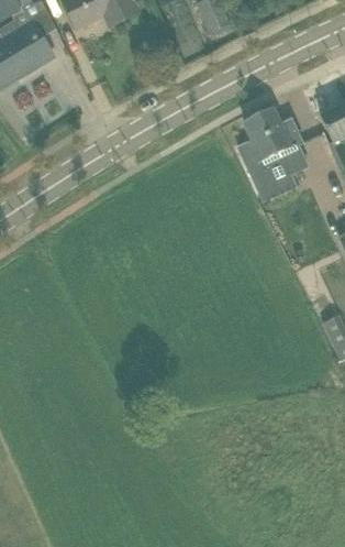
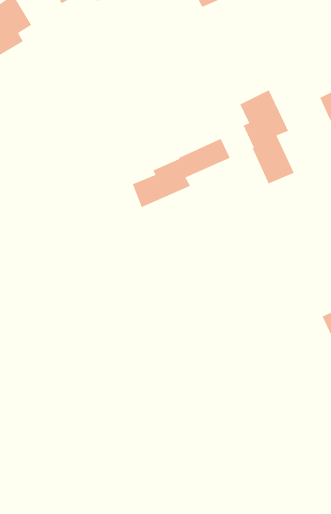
building: none -> [132,138,231,208]

